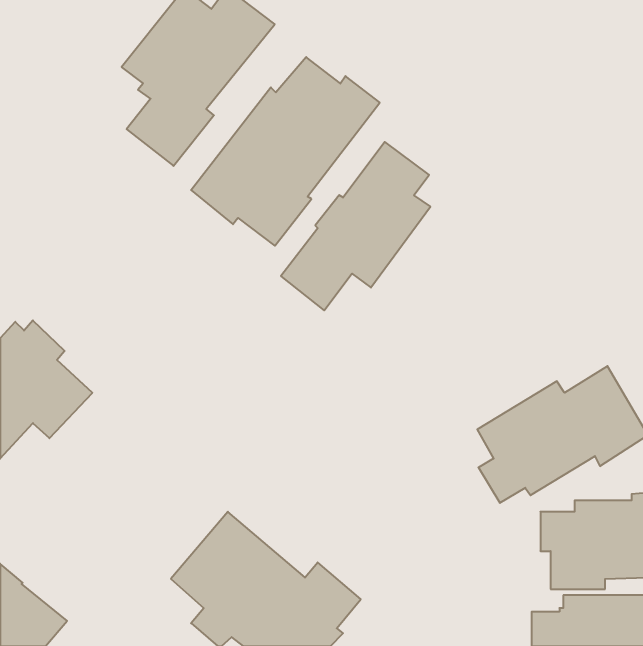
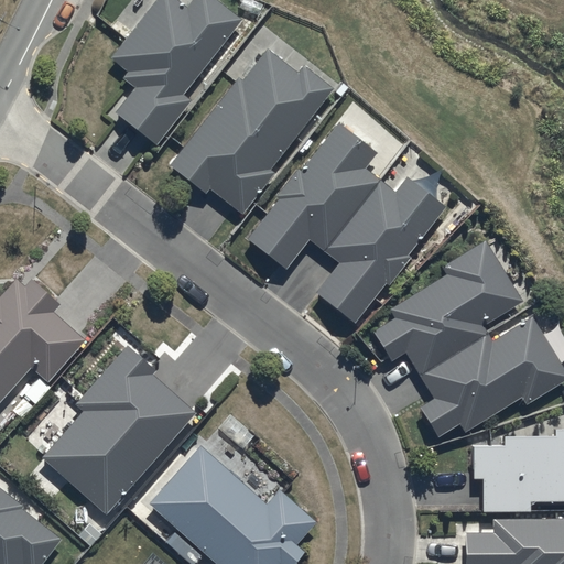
building: none -> [314,177,445,325]
building: none -> [375,240,523,373]
building: none -> [42,345,194,513]

